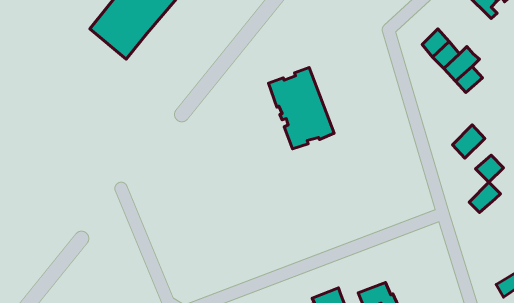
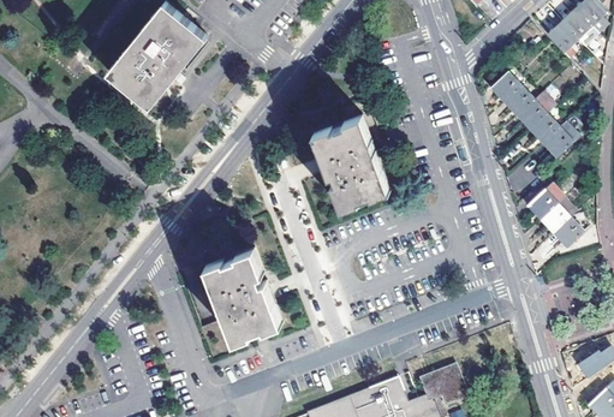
building: none -> [541,124,579,161]
building: none -> [204,249,281,342]
building: [469,182,500,213] -> [540,198,576,233]

